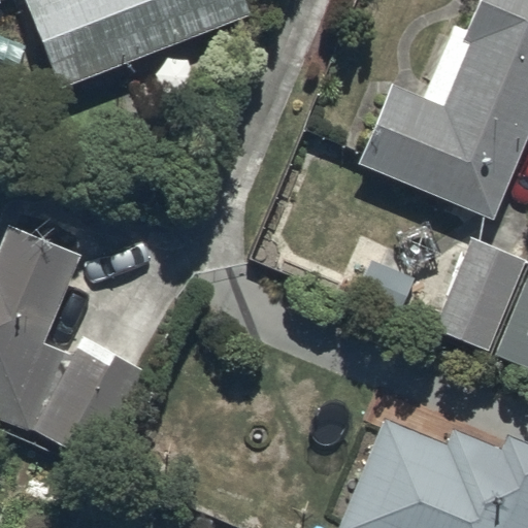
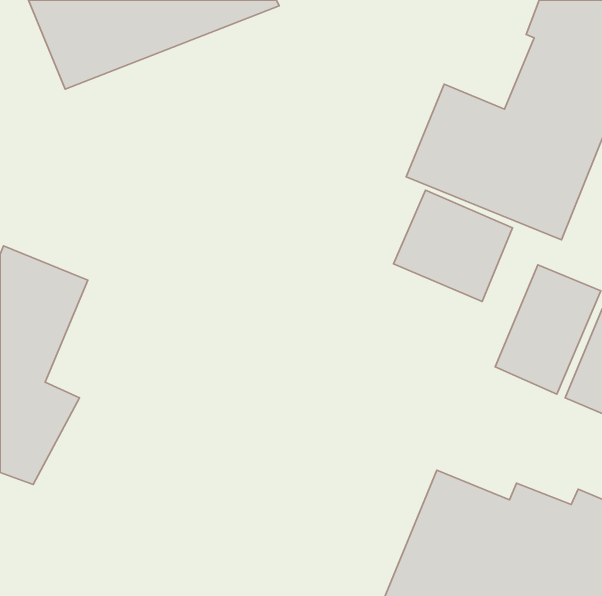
building: none -> [394,190,512,302]
building: [33,337,147,464] -> none

